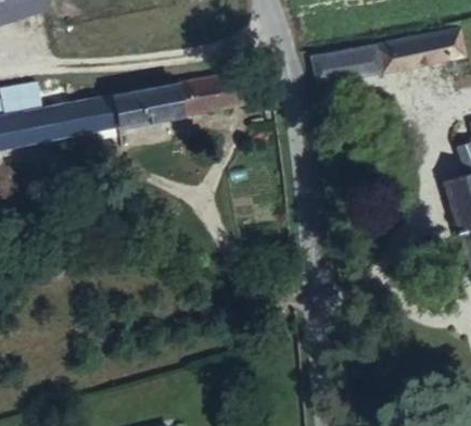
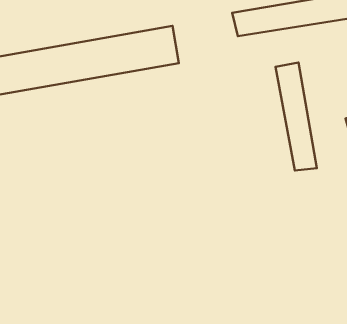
building: none -> [276,62,317,170]

